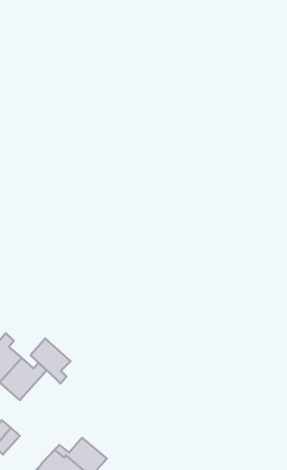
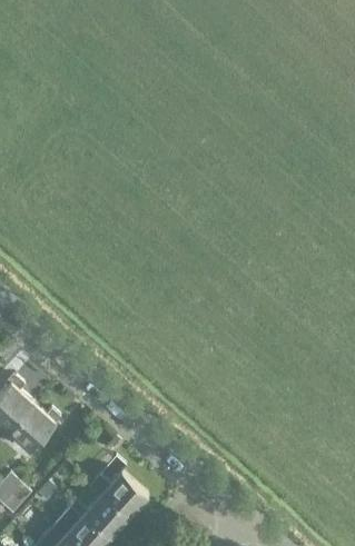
building: [31,339,70,383] -> none
building: none -> [88,473,147,518]

